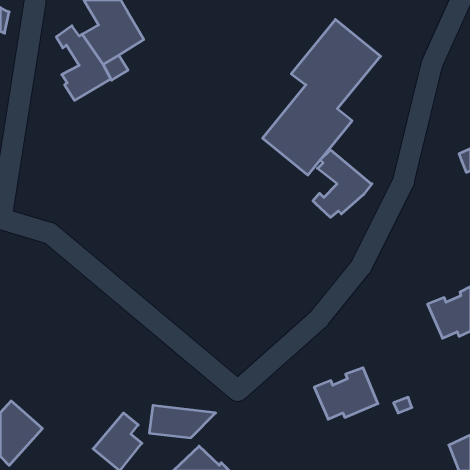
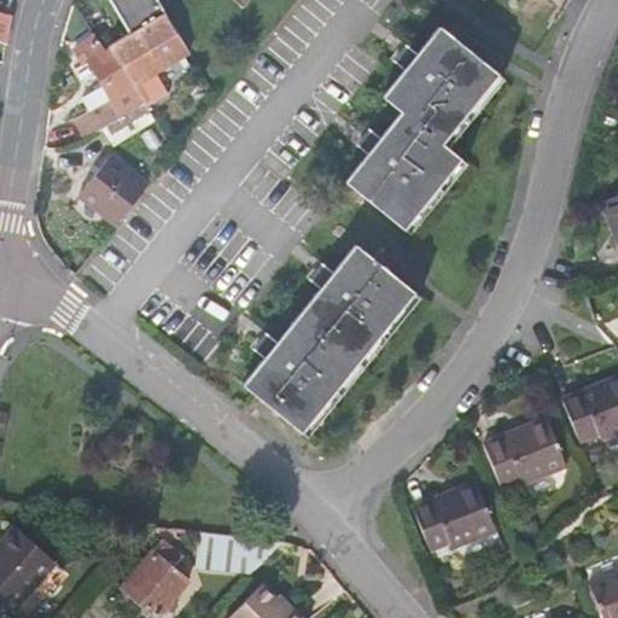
building: none -> [80,156,148,226]
building: [313,150,372,217] -> none
building: none -> [243,245,415,433]
building: none -> [484,419,566,486]

